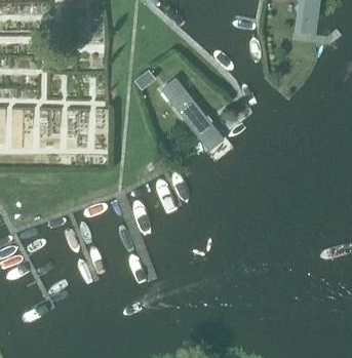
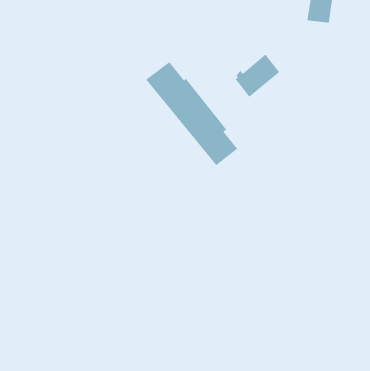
building: none -> [234,53,280,98]

